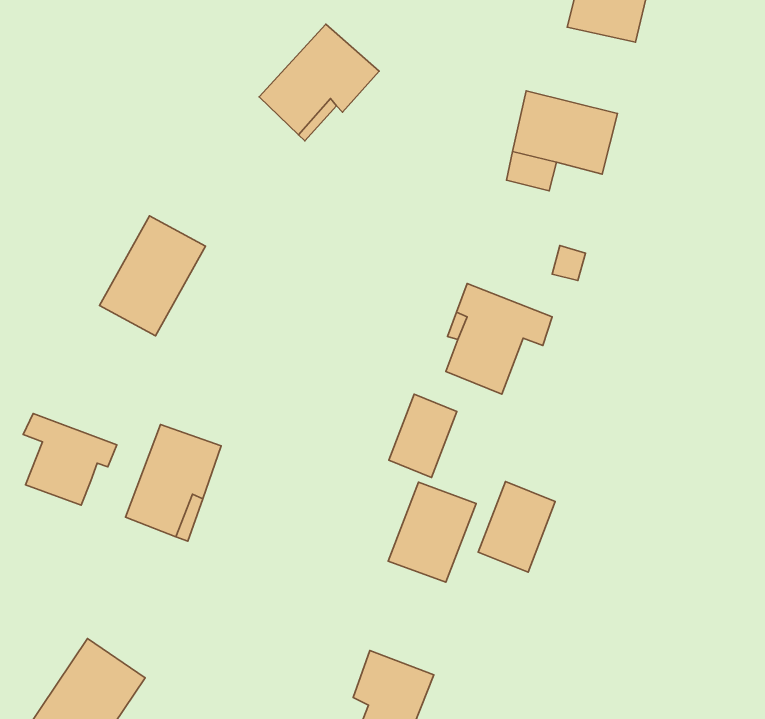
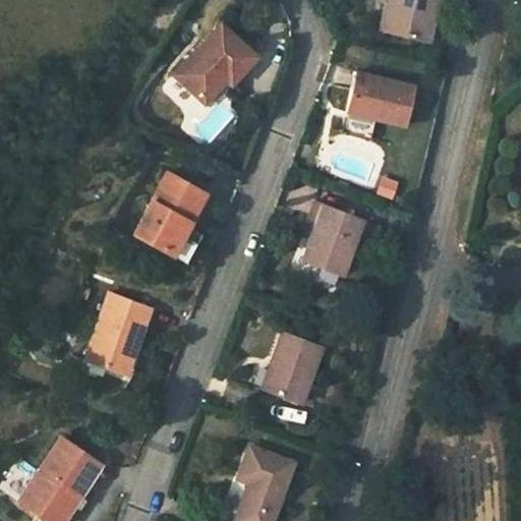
building: [99,216,206,336] -> [136,174,208,254]
building: [389,394,457,477] -> none
building: [23,413,117,505] -> none
building: [478,482,555,572] -> none

